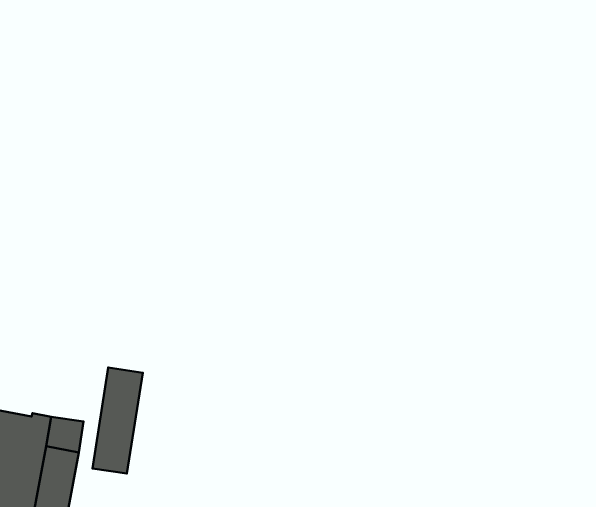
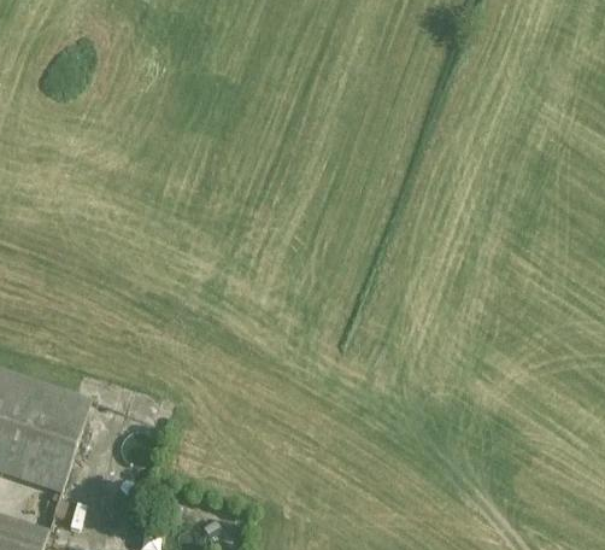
building: [92,368,143,474] -> none

